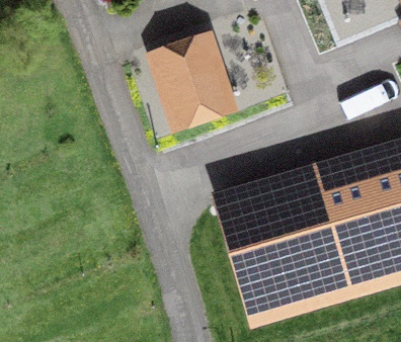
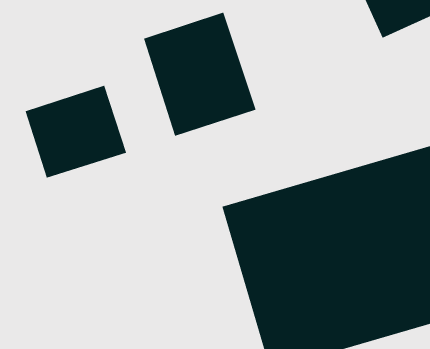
building: none -> [25,85,127,178]

